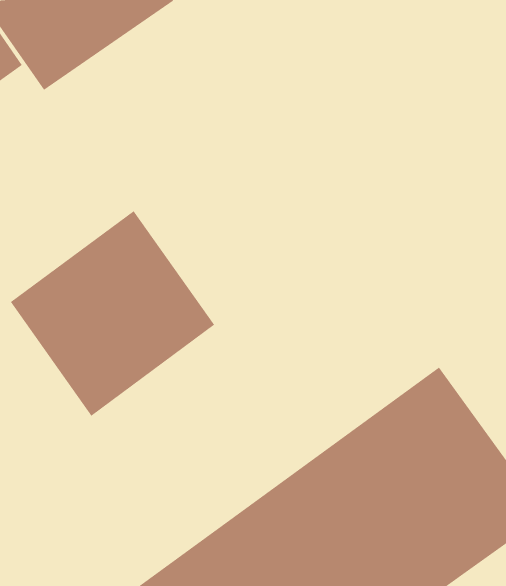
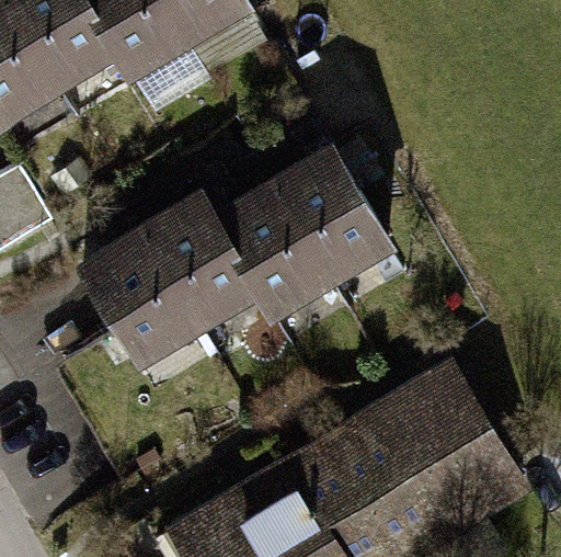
building: none -> [209,144,393,322]

